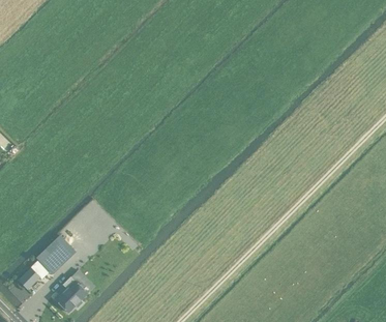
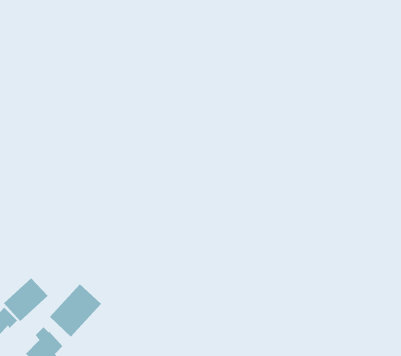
building: none -> [49,283,102,338]

